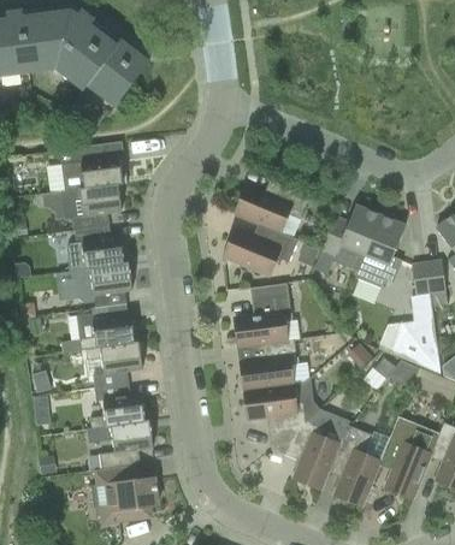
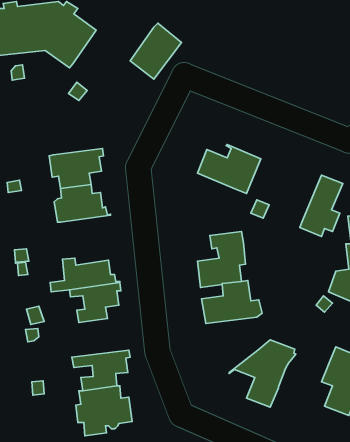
building: [88,41,148,107] -> [130,23,181,79]
building: [61,142,128,192] -> none
building: [321,206,380,272] -> none
building: [223,226,297,277] -> none
building: [73,263,135,308] -> none
building: [244,379,320,449] -> none
building: [87,385,154,431] -> none
building: [330,427,389,507] -> none

